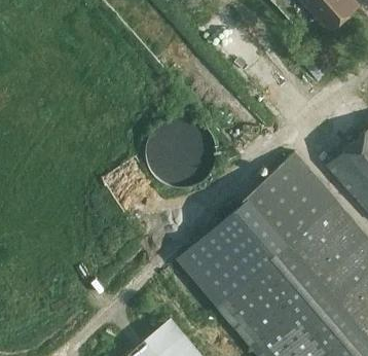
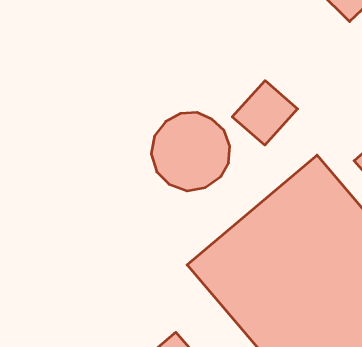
building: none -> [232,81,298,145]

